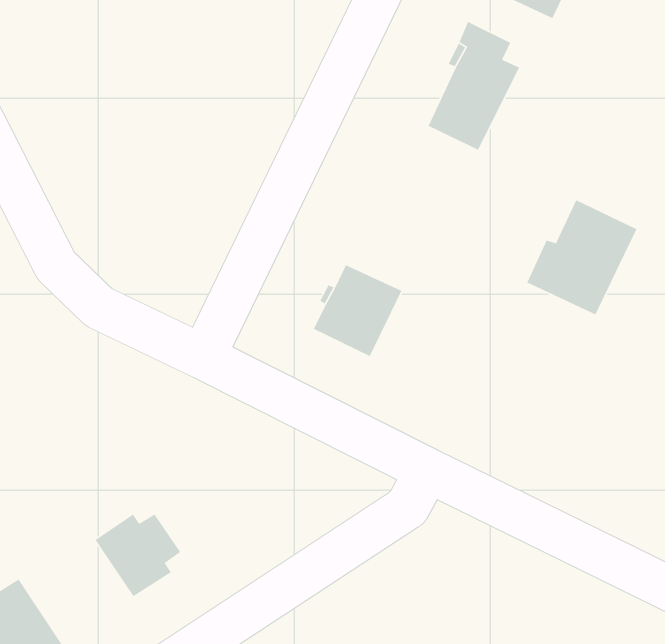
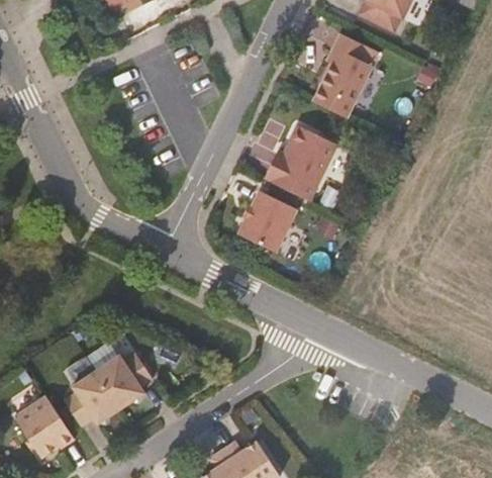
building: [526,199,638,315] -> [265,124,337,200]
building: none -> [65,371,121,426]

